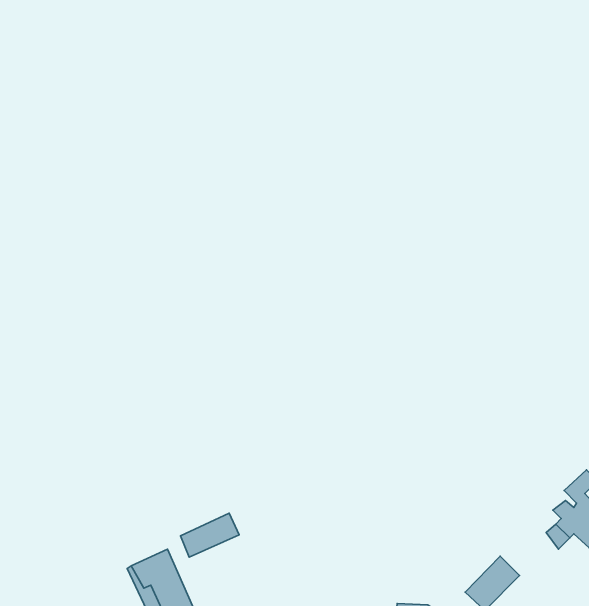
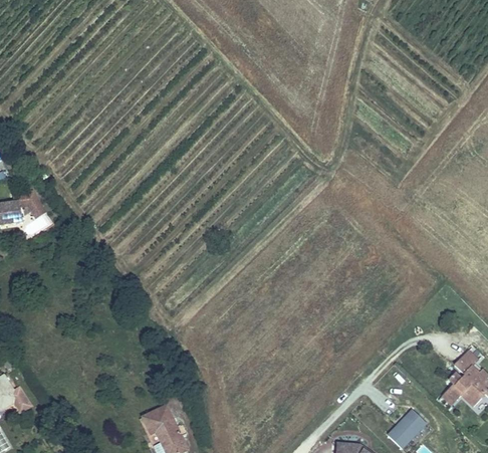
building: [180,513,239,557] -> none

